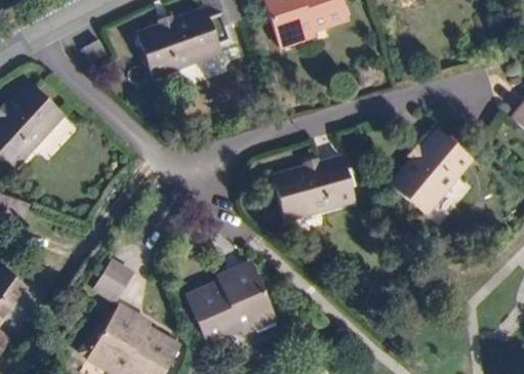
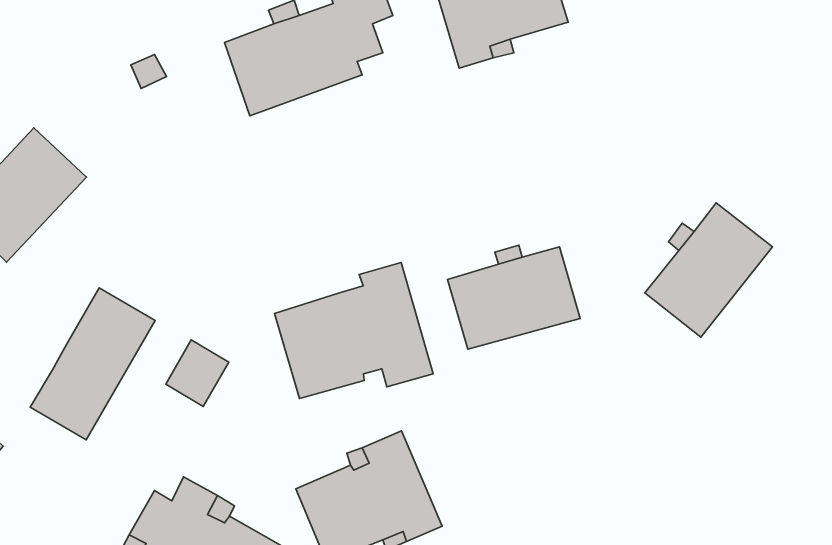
building: none -> [274,262,433,399]
building: none -> [30,288,155,440]
building: [99,253,137,293] -> [166,340,229,406]

